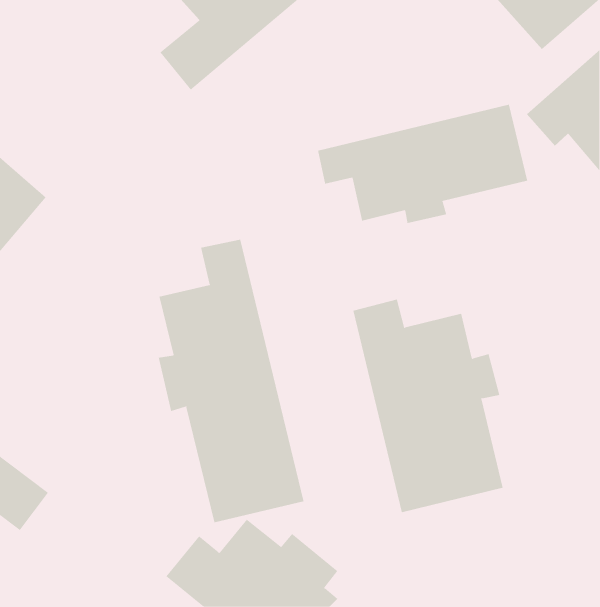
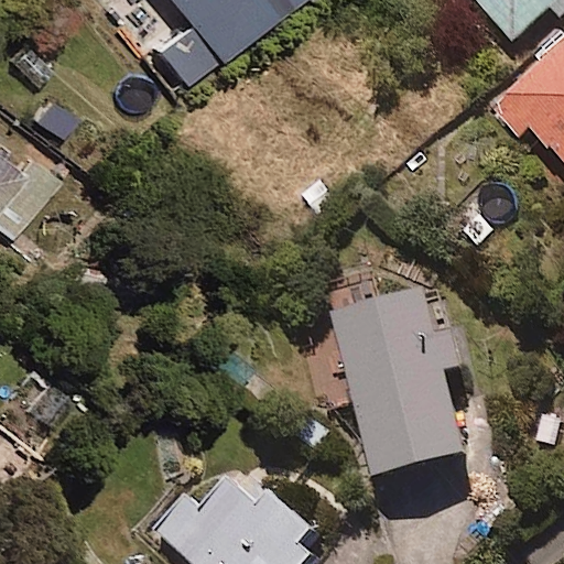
building: [317,104,528,224] -> none
building: [158,239,304,523] -> none

